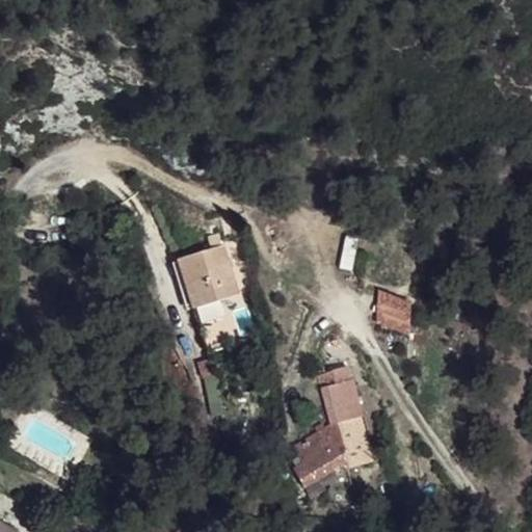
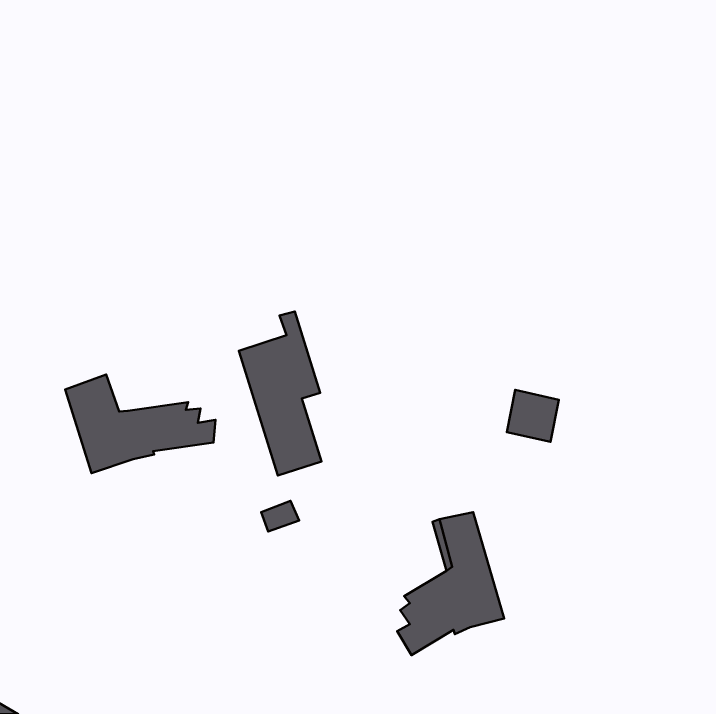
building: none -> [65,375,216,473]

